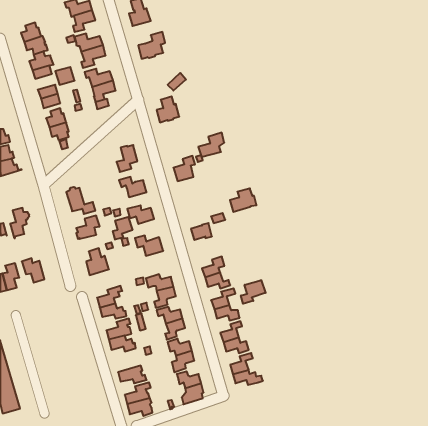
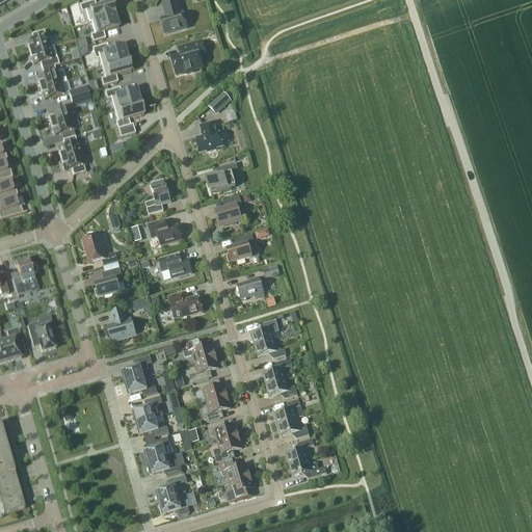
building: [198,133,224,157] -> [207,161,239,191]
building: [230,188,257,212] -> [227,233,260,262]
building: [113,217,132,240] -> none
building: [241,280,266,304] -> none
building: none -> [143,435,175,461]

